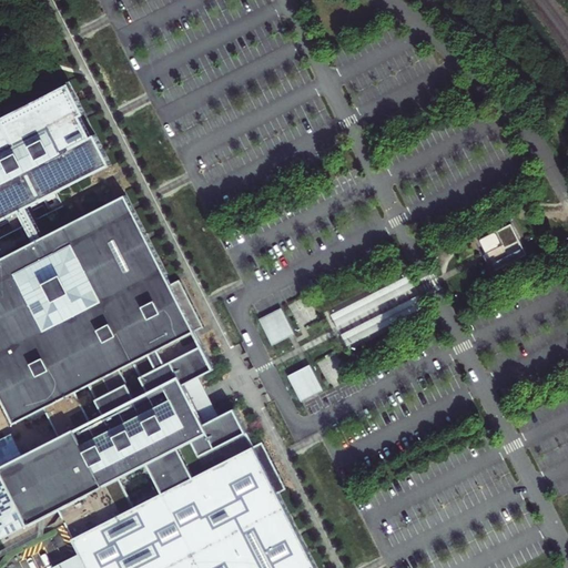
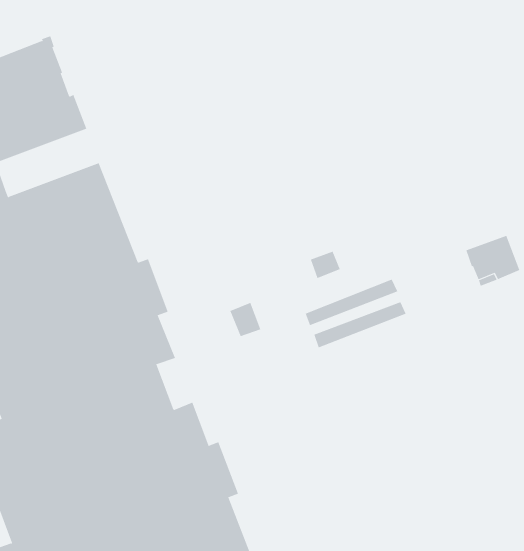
building: none -> [310,251,341,279]
building: [285,368,317,402] -> none

